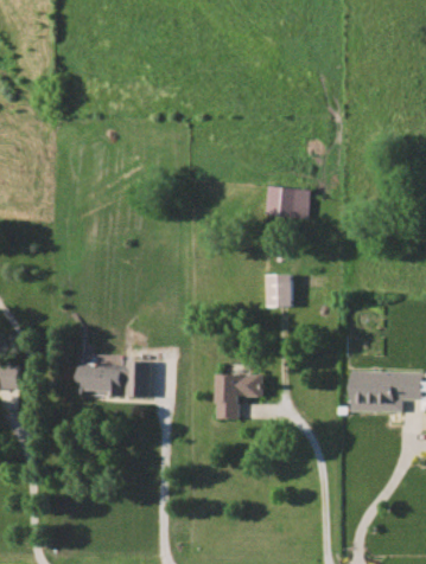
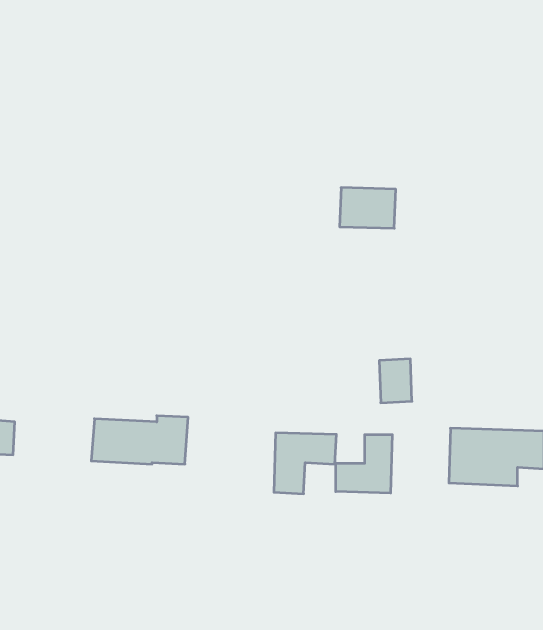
building: [267,274,292,307] -> [379,359,412,403]
building: none -> [336,435,392,493]

